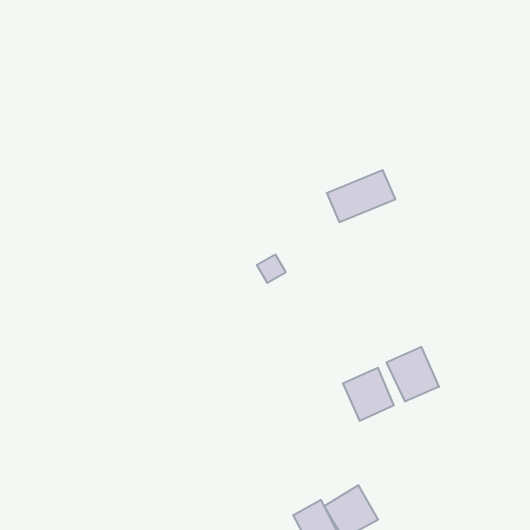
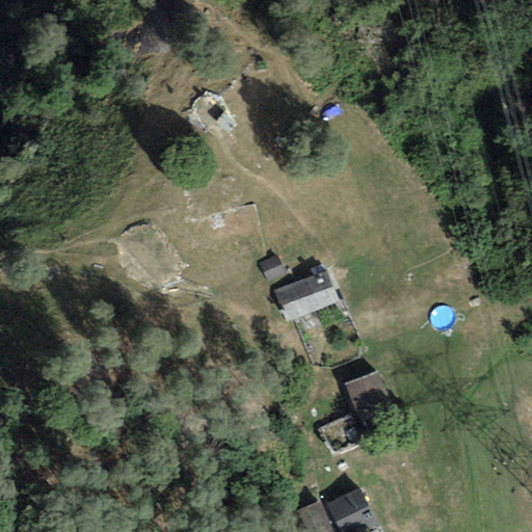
building: [327,170,395,222] -> [270,269,339,321]
building: [387,347,439,402] -> none

